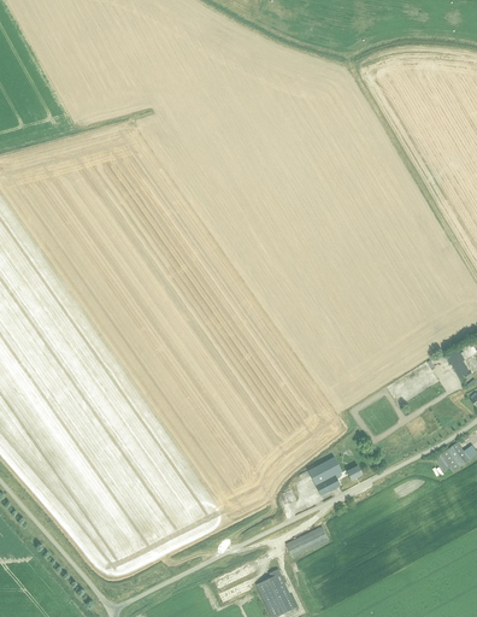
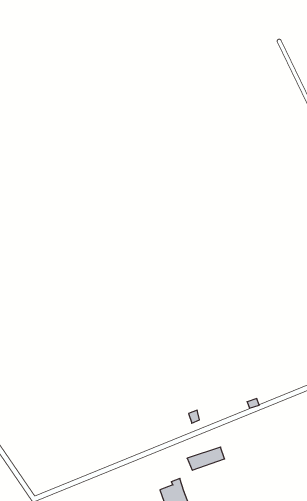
building: [308,457,341,495] -> none

